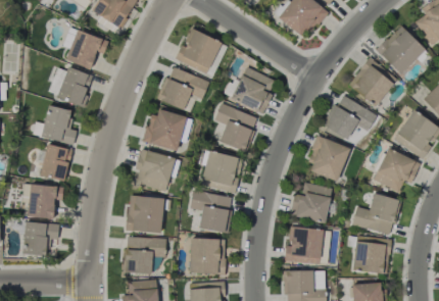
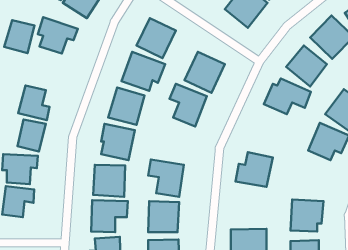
building: [57,67,92,105] -> [4,20,35,53]
building: [306,136,350,181] -> none
building: [201,150,242,191] -> none
building: [352,193,398,233] -> none
building: [285,225,324,264] -> none

